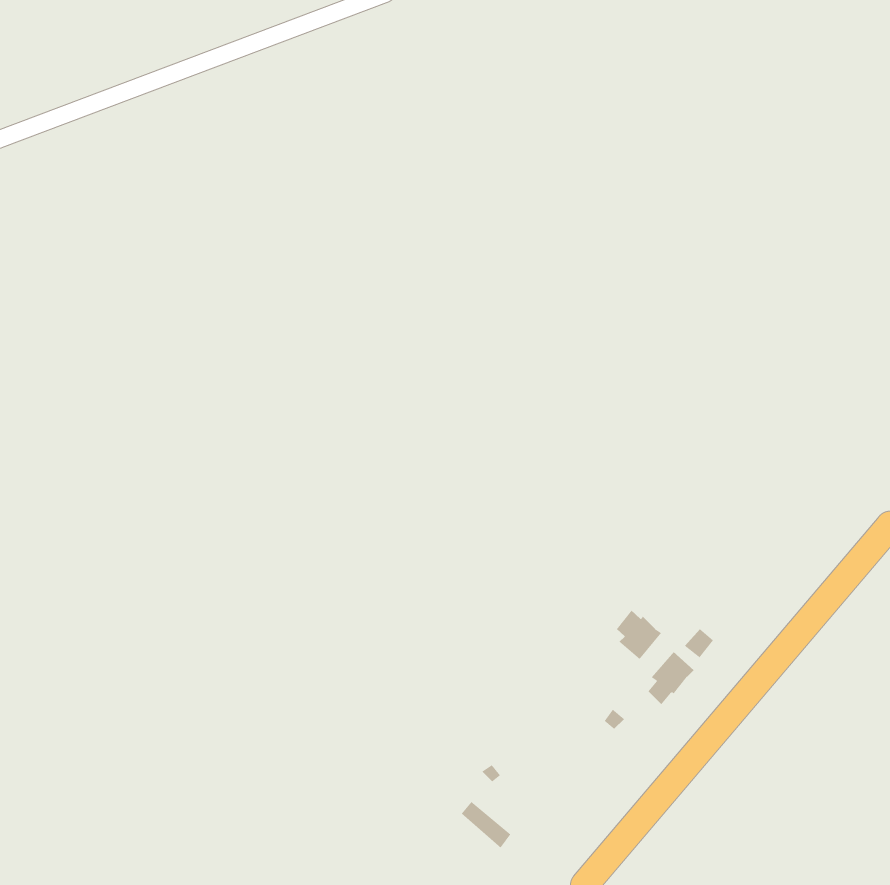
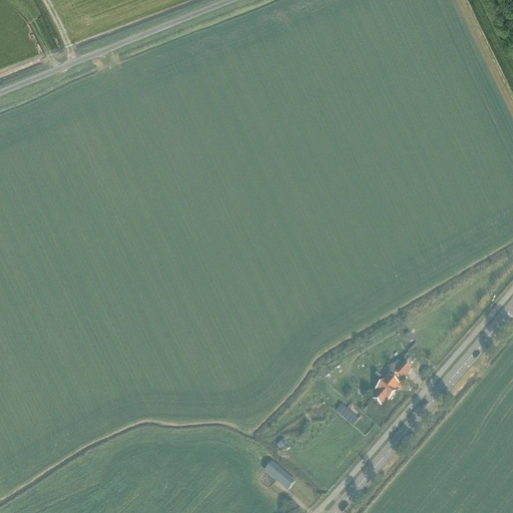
building: [616,610,662,660] -> none

